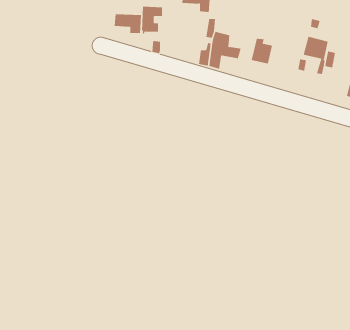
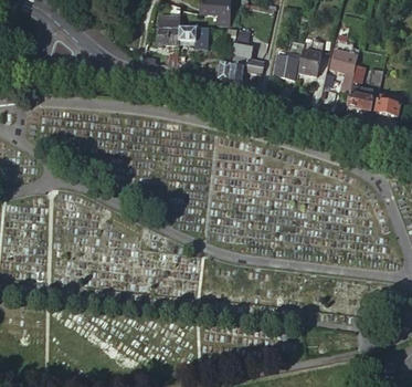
building: [114,14,142,34] -> [179,28,209,49]
building: none -> [297,49,321,76]
building: none -> [347,85,373,112]

